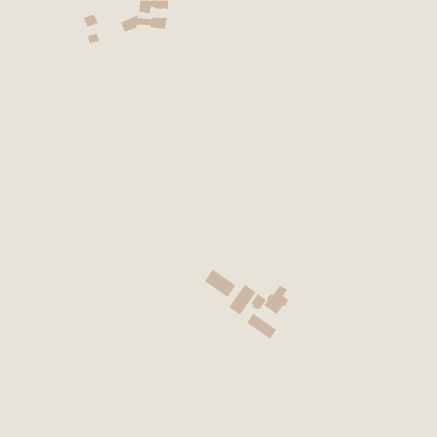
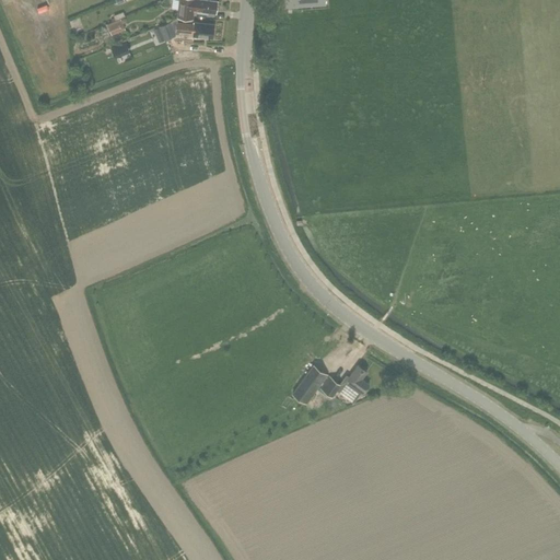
building: [204,269,236,298] -> none
building: [246,313,277,340] -> none

